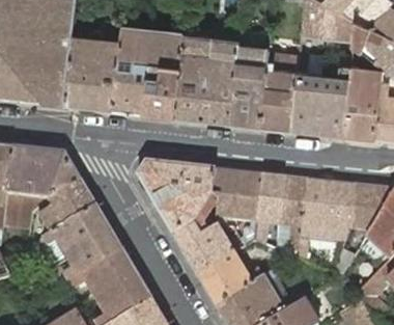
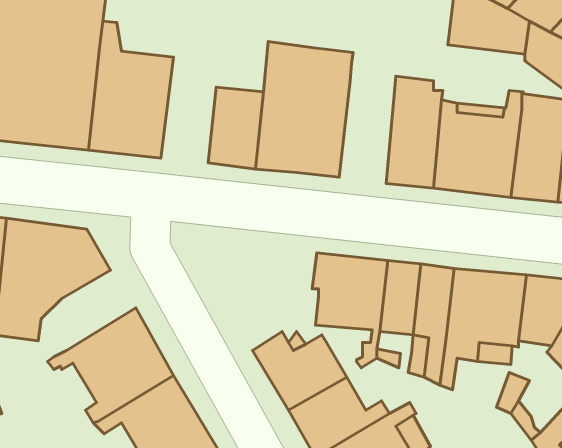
building: [114,24,185,110] -> none
building: [231,33,271,124] -> none
building: [139,161,217,234] -> none
building: [40,181,97,234] -> none

